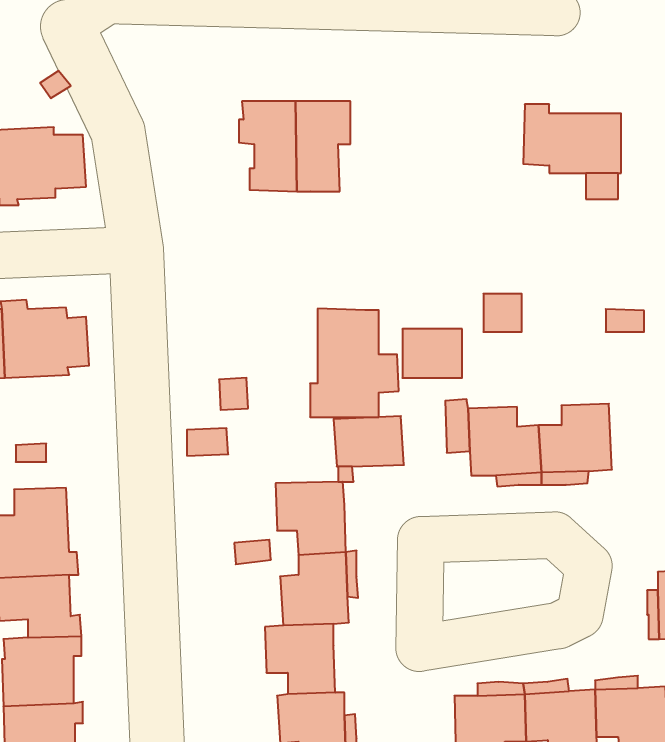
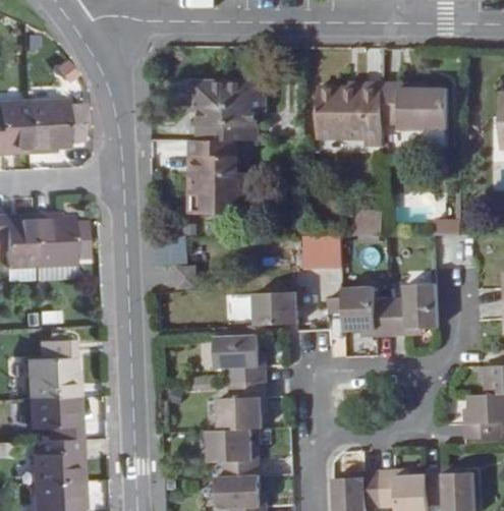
building: none -> [313,83,380,149]
building: [310,309,399,417] -> [191,140,250,213]

